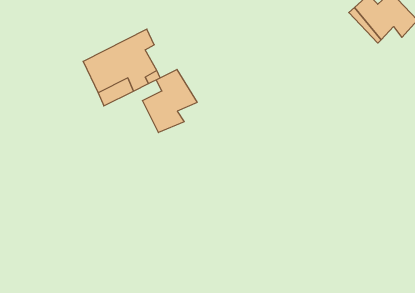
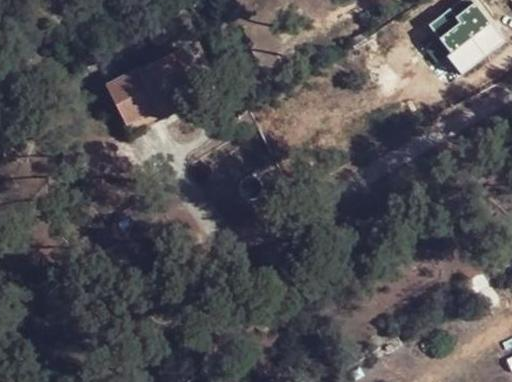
building: [142,69,197,133] -> none

